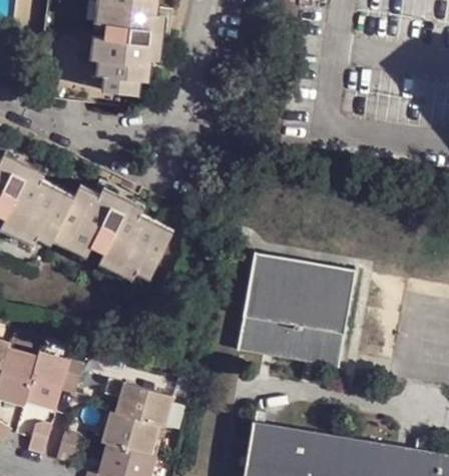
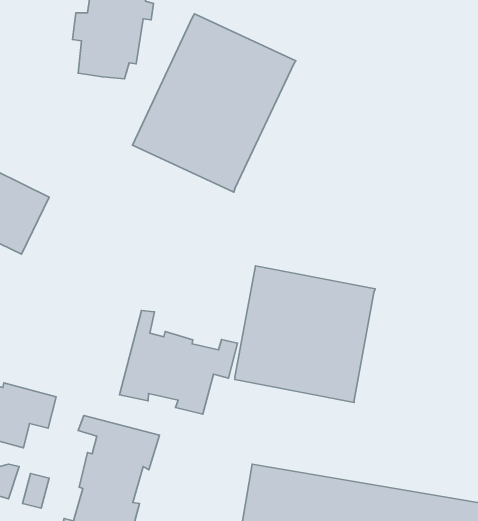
building: none -> [133,14,296,192]
building: [56,181,175,276] -> none
building: none -> [120,311,238,414]

